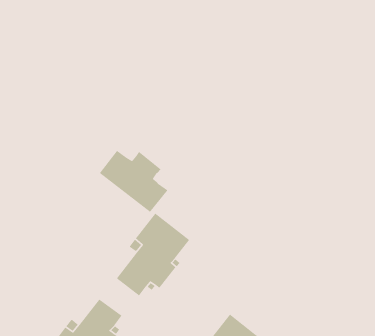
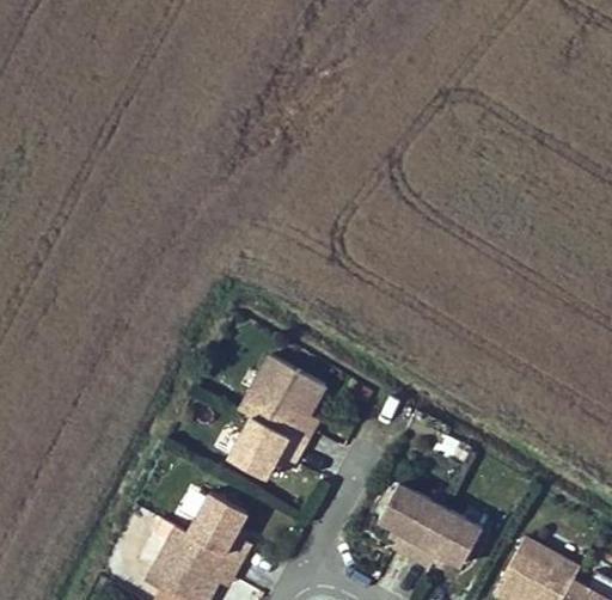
building: [99,150,169,213] -> none

